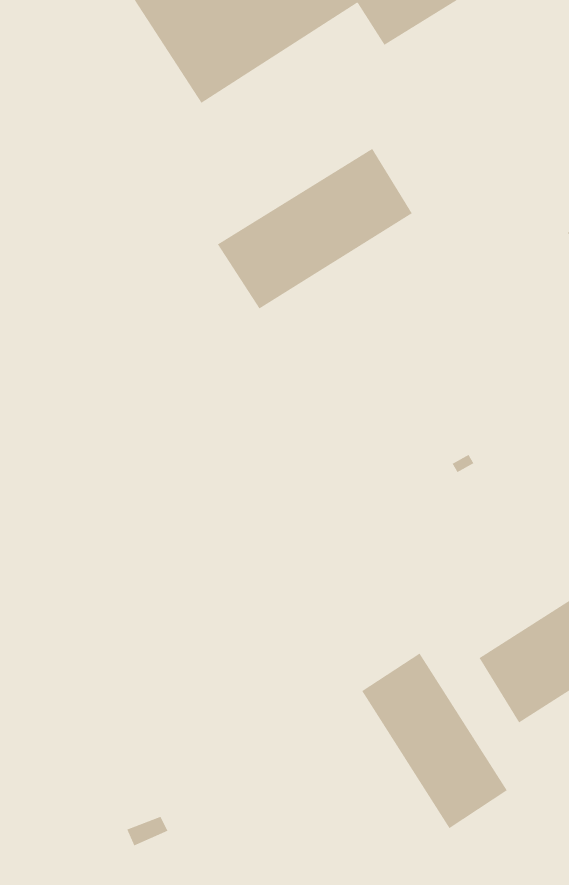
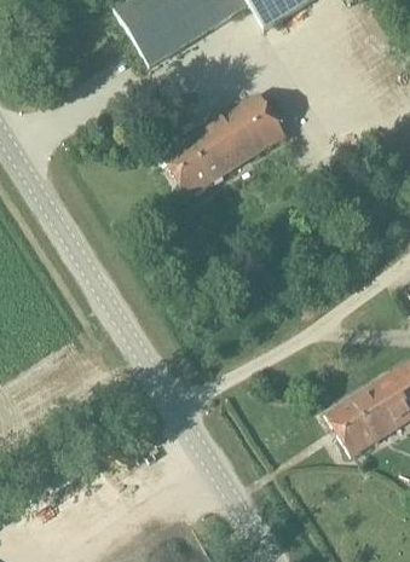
building: [361,652,508,829] -> none

